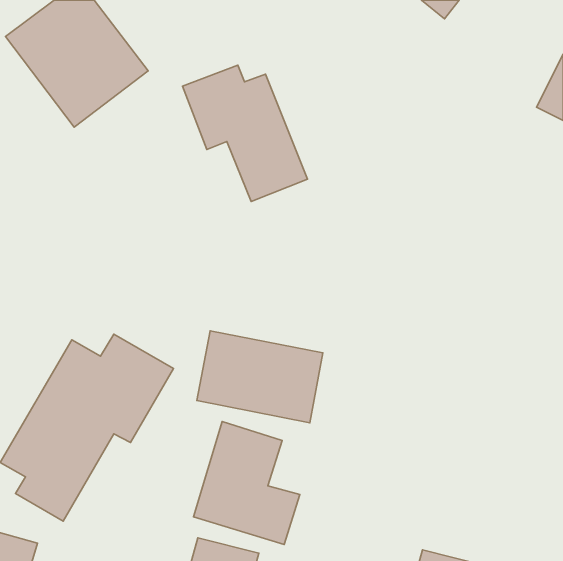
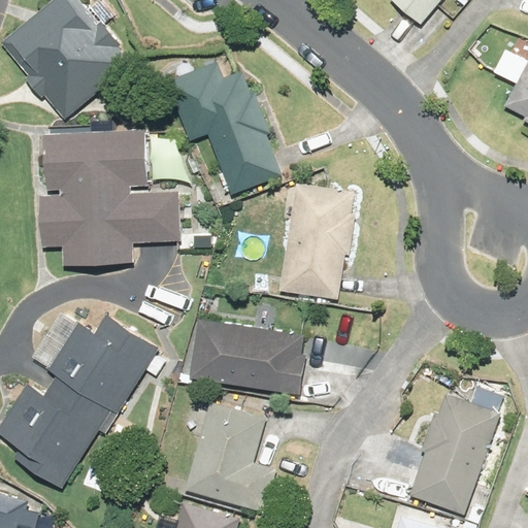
building: none -> [46,137,193,274]
building: none -> [277,178,353,296]
building: none -> [405,385,498,512]

